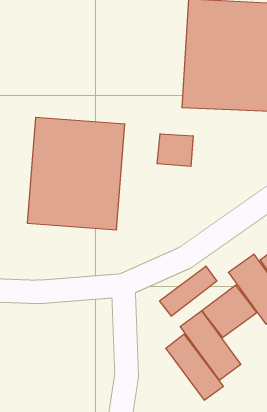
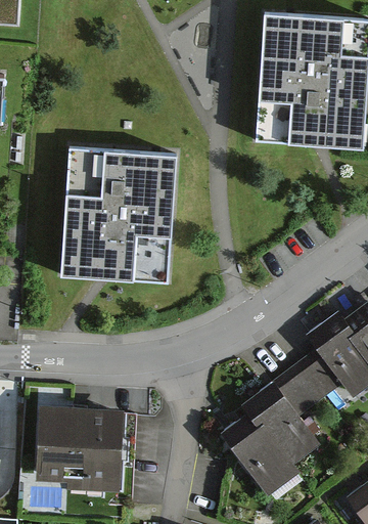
building: [157,134,193,166] -> none
building: [160,266,217,316] -> none
building: none -> [45,406,130,488]

